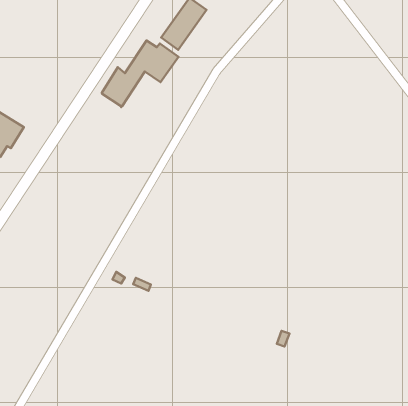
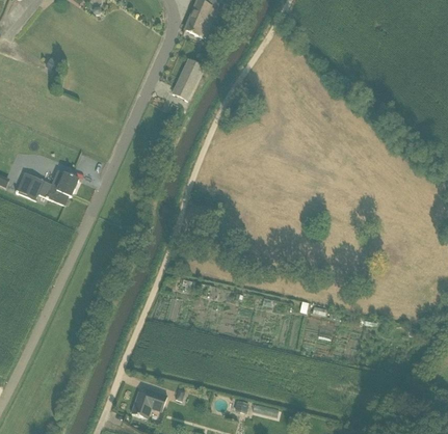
building: [102,40,179,107] -> none

